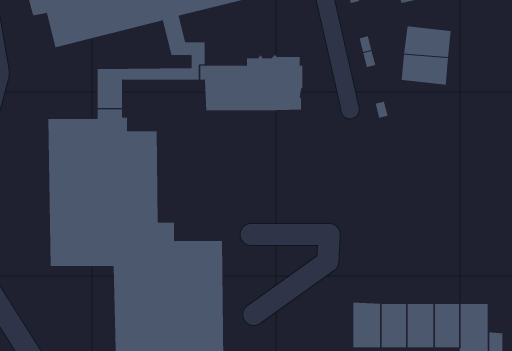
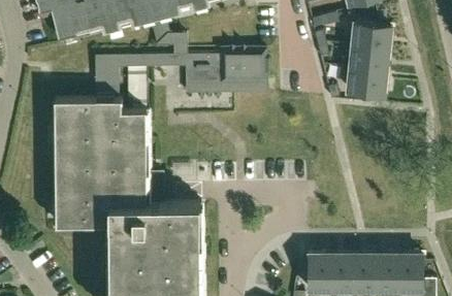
building: none -> [347,68,387,95]

